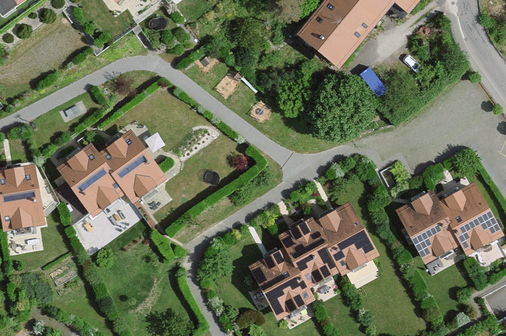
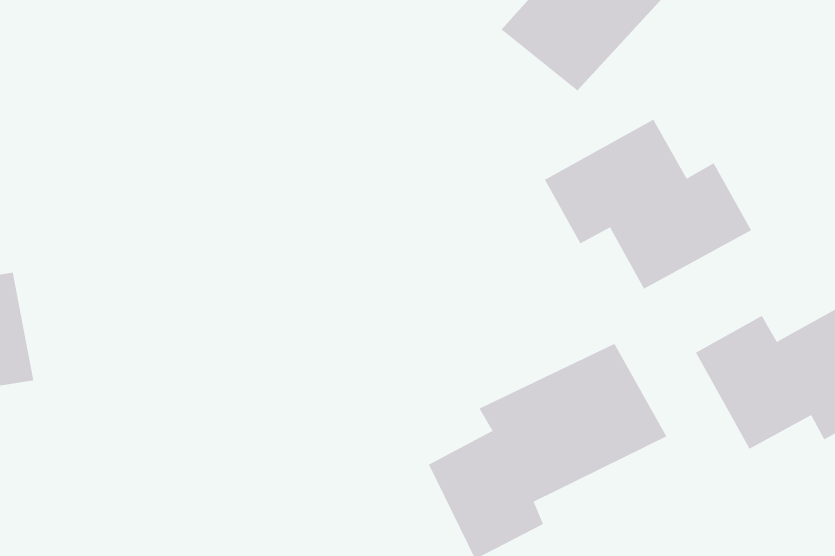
building: none -> [544,119,752,289]
building: [57,135,166,216] -> none

